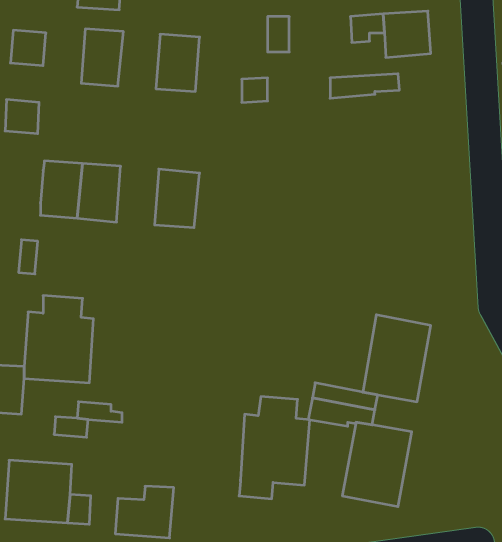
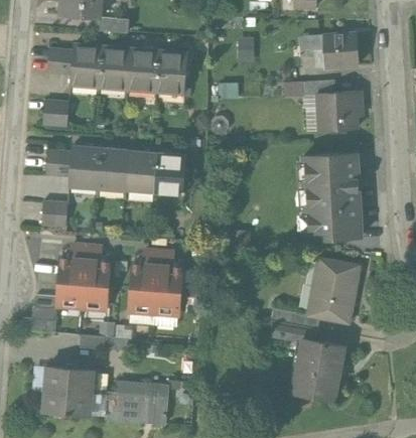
building: none -> [71,44,103,88]
building: none -> [127,49,158,92]
building: none -> [317,92,357,132]
building: none -> [126,149,157,192]
building: none -> [45,150,72,176]
building: none -> [303,155,361,239]
building: [239,397,310,499] -> [129,250,181,325]
building: none -> [105,393,127,421]

